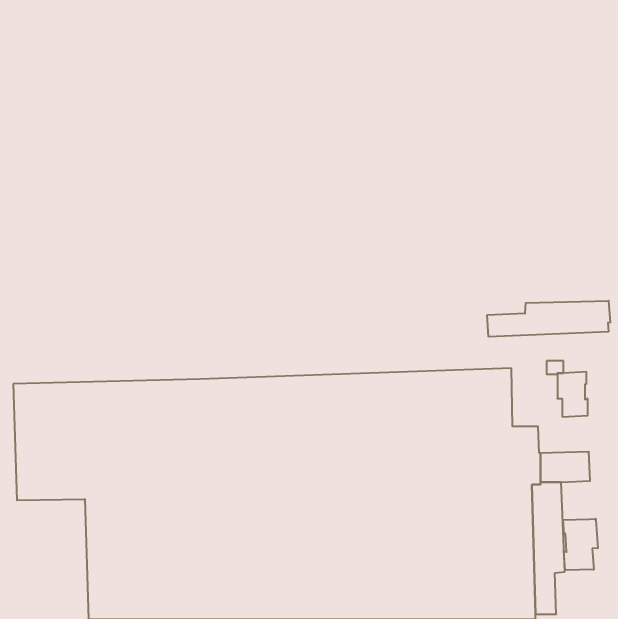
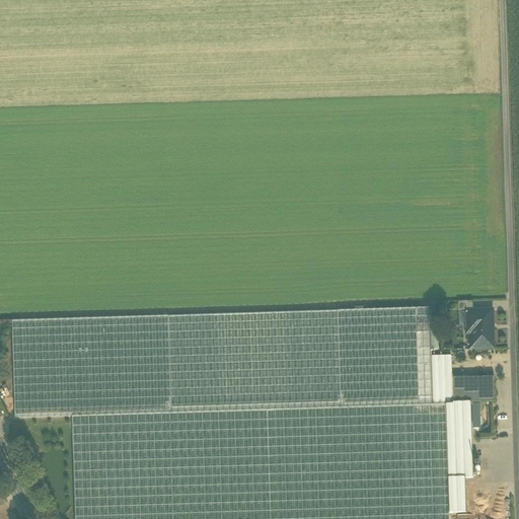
building: [487,301,610,337] -> none
building: [563,519,598,570] -> none

